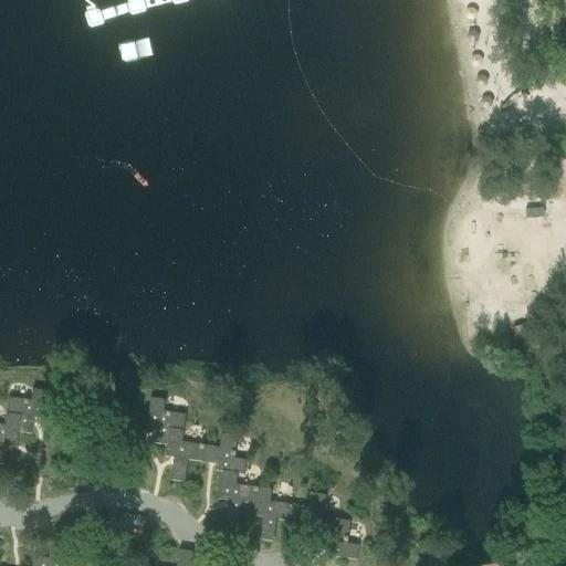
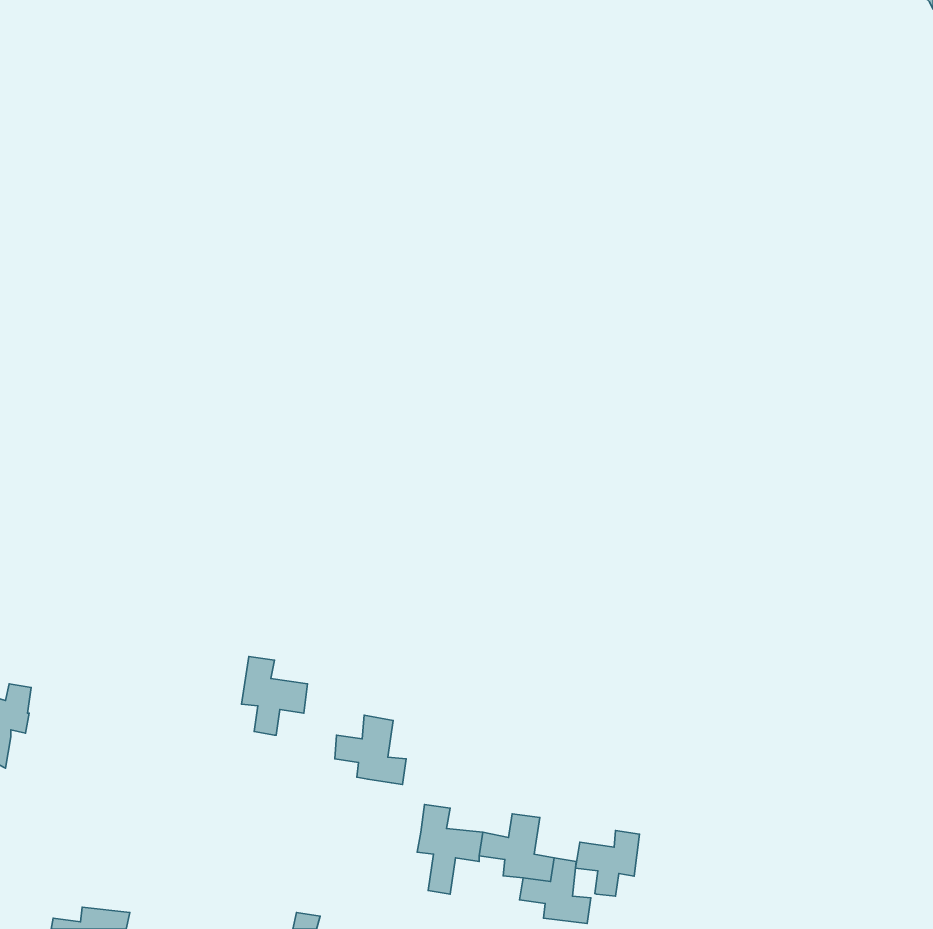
building: [6,388,46,433] -> none
building: [165,429,203,482] -> none
building: [218,471,256,524] -> none
building: none -> [576,831,640,896]

